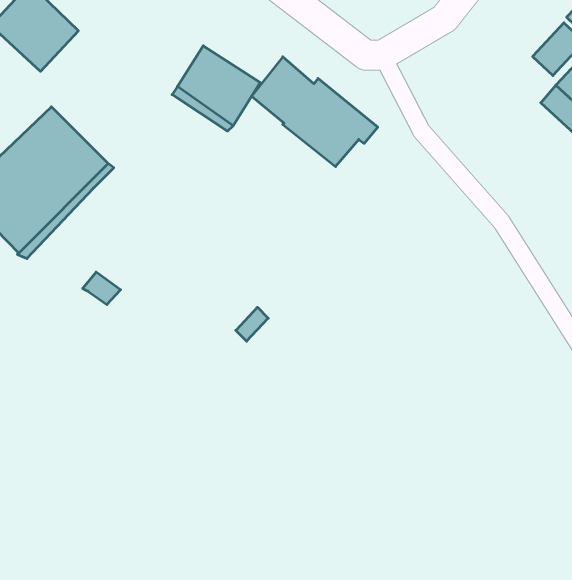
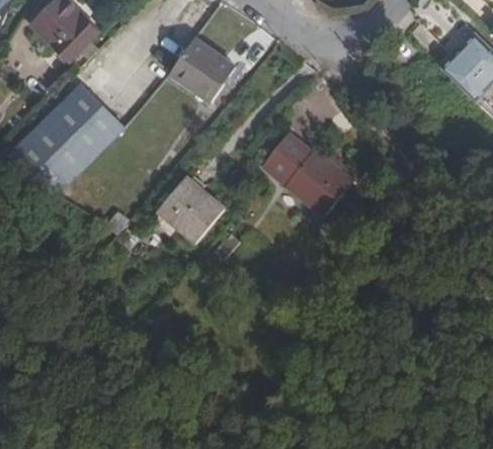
building: [252,57,378,167] -> [261,134,355,216]
building: none -> [162,176,225,240]

